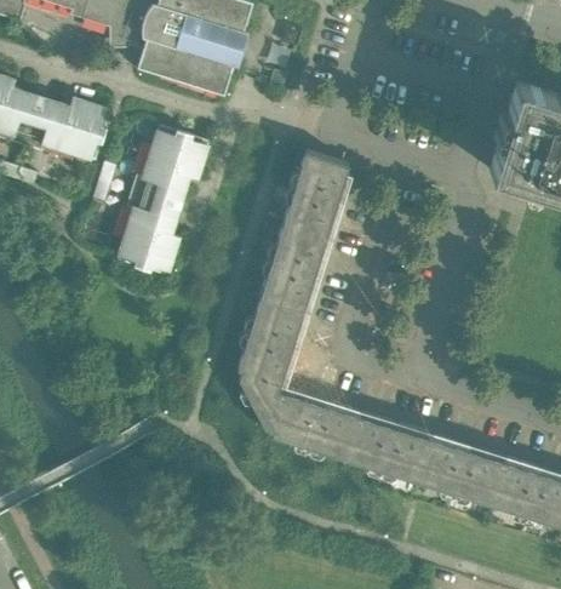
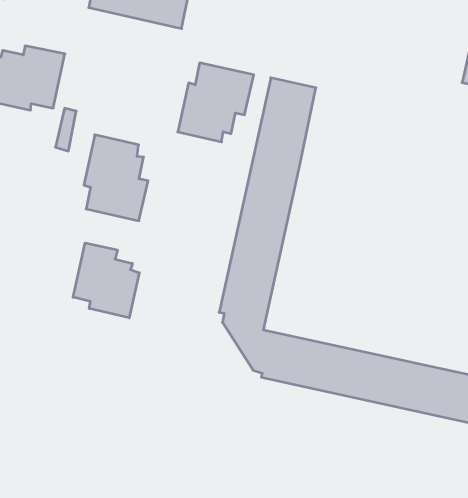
building: [133,125,211,202] -> [178,63,254,142]
building: none -> [73,243,139,318]

